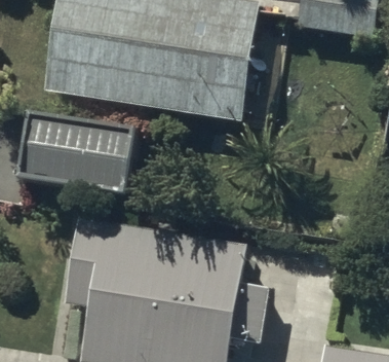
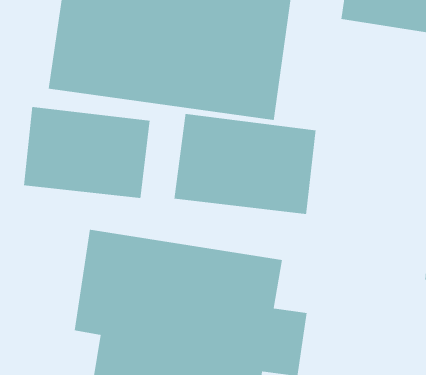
building: none -> [174,113,316,215]

